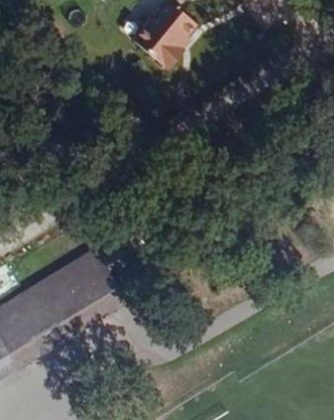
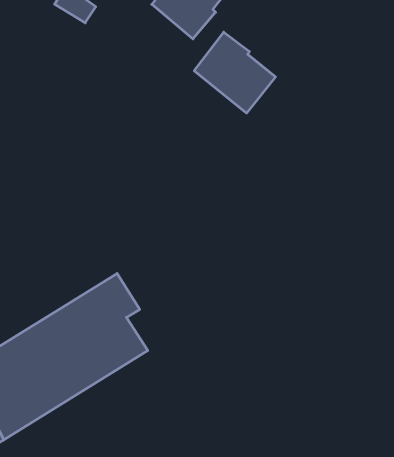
building: none -> [194,32,275,113]

